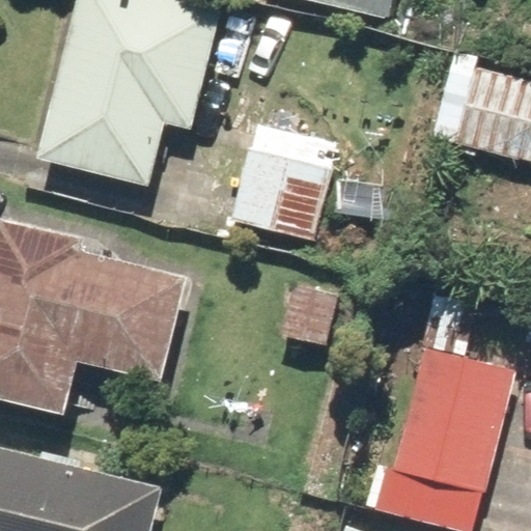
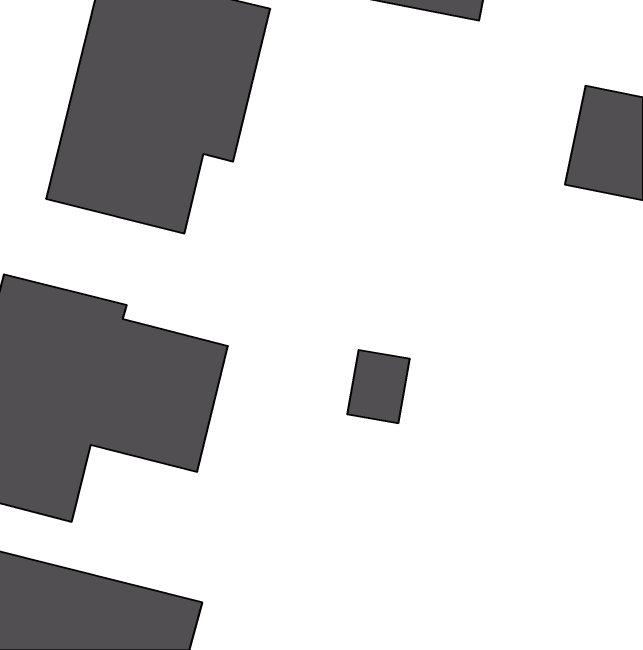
building: [230,123,336,244] -> none
building: [392,345,513,494] -> none

